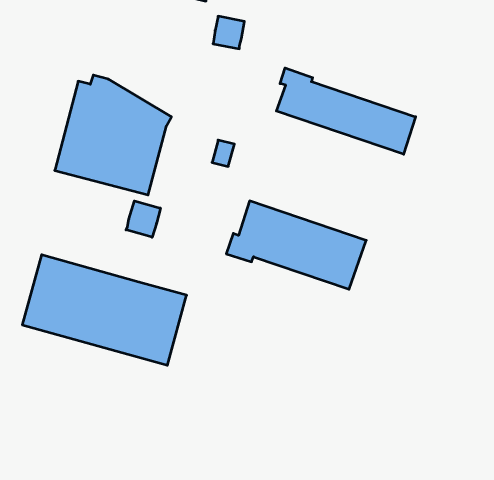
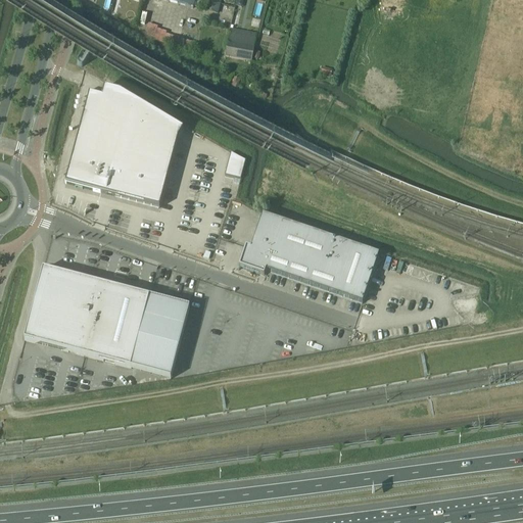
building: [276,68,416,154] -> none
building: [126,201,160,237] -> none

